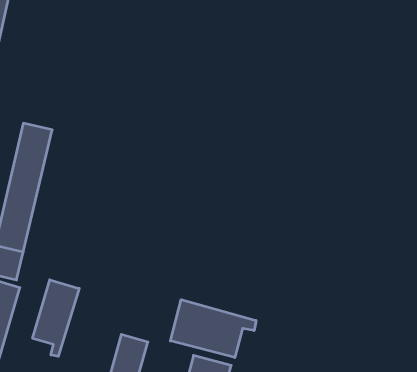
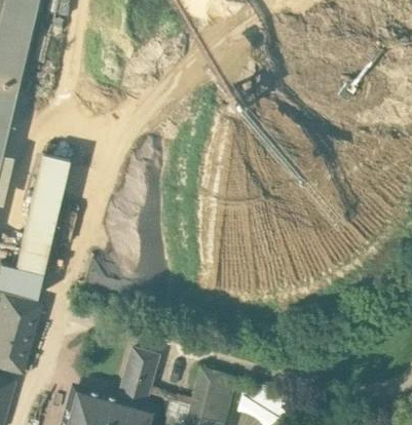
building: [33,280,79,356] -> none
building: [170,300,256,358] -> none

